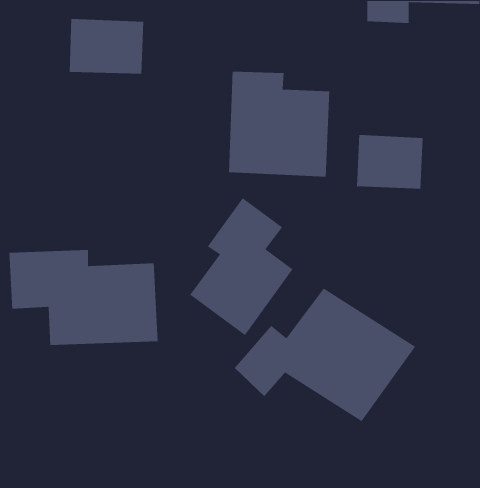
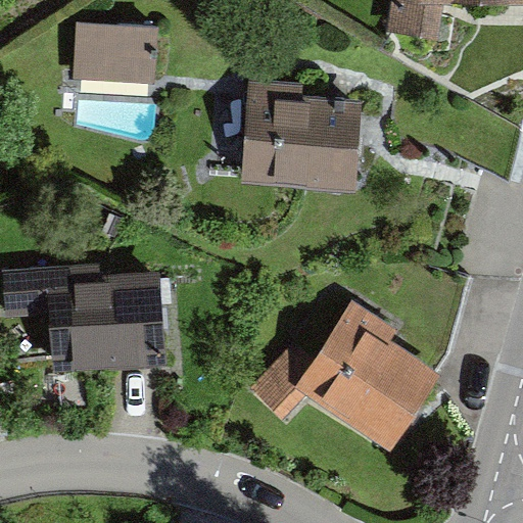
building: [356,134,424,189] -> none
building: [189,197,293,336] -> none

